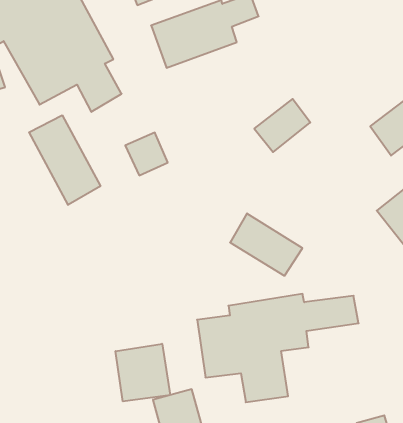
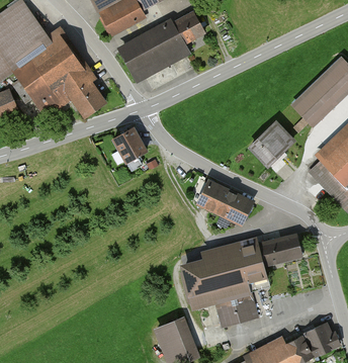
building: [254,99,310,152] -> [250,123,291,165]
building: [29,115,100,205] -> none
building: [116,344,170,401] -> none

